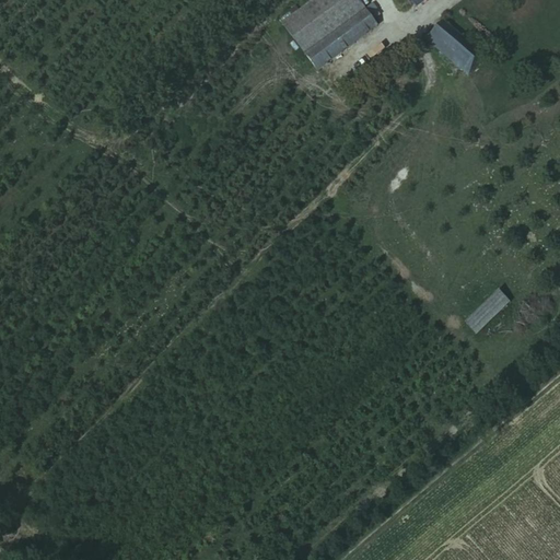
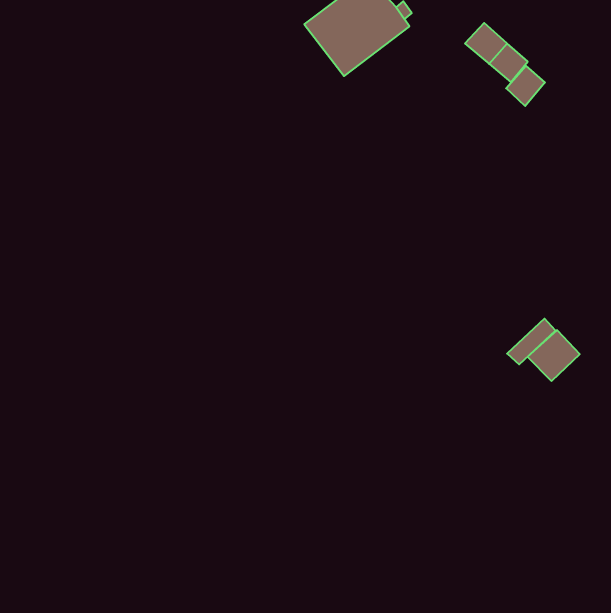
building: none -> [506,66,545,106]
building: none -> [527,330,580,381]

